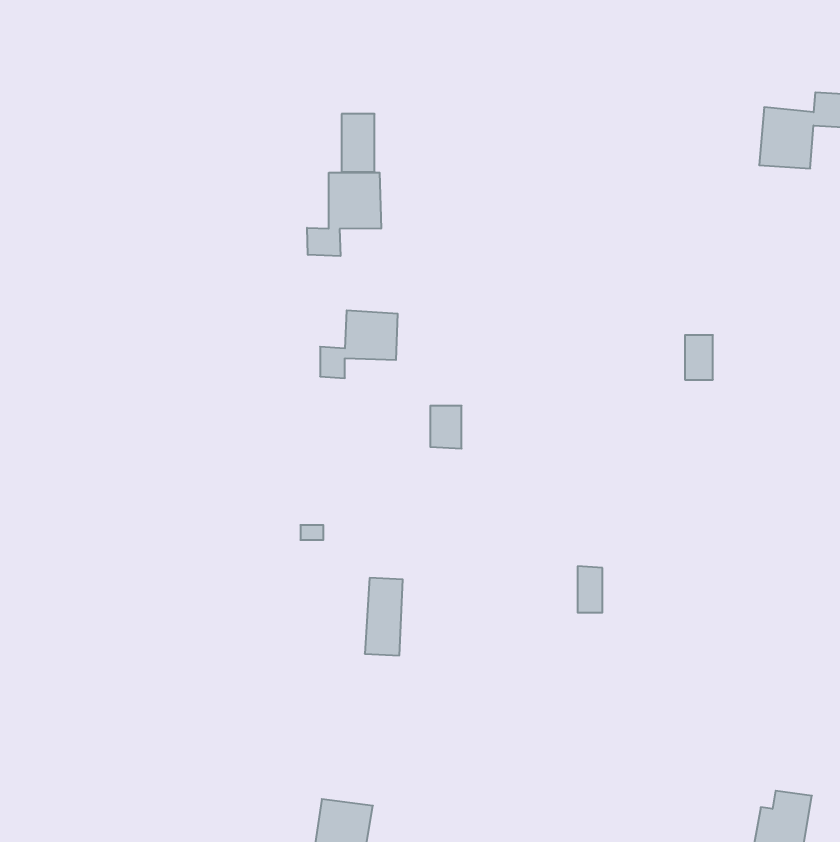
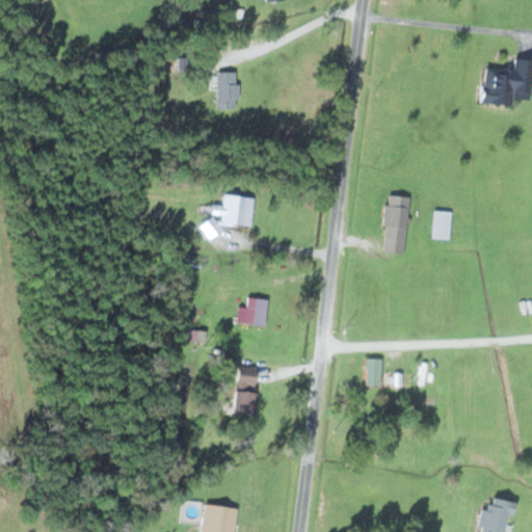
building: [307,173,381,256] -> none
building: none -> [382,195,408,255]
building: [430,406,462,449] -> [246,298,266,325]

